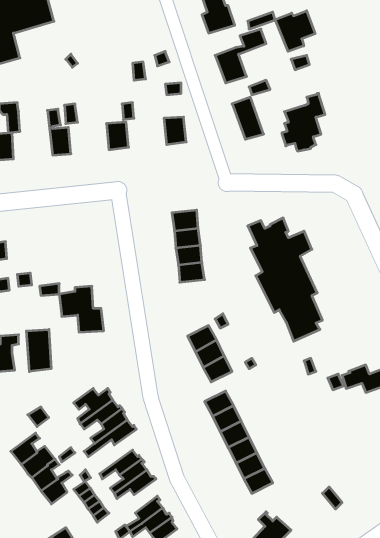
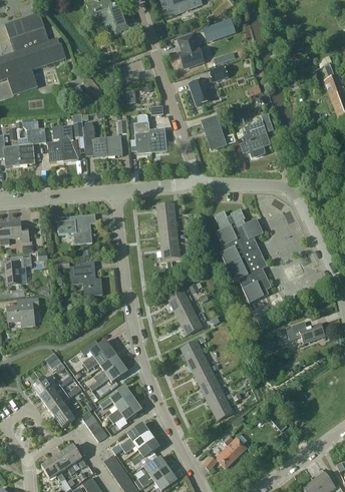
building: [275,11,315,51] -> none
building: none -> [130,114,151,153]
building: none -> [84,125,107,157]
building: none -> [47,126,64,161]
building: none -> [57,213,96,243]
building: [26,329,51,372] -> none

